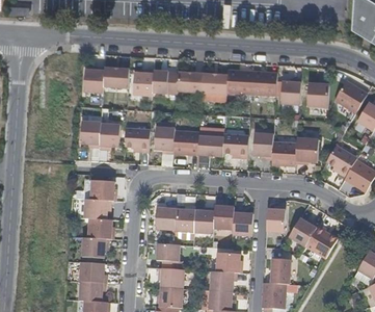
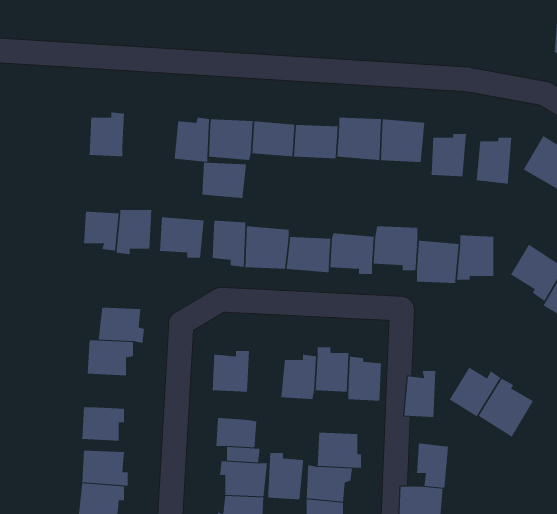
building: [104,69,130,89] -> [201,162,247,198]
building: [176,205,196,232] -> [268,453,304,500]
building: [85,218,111,238] -> none

